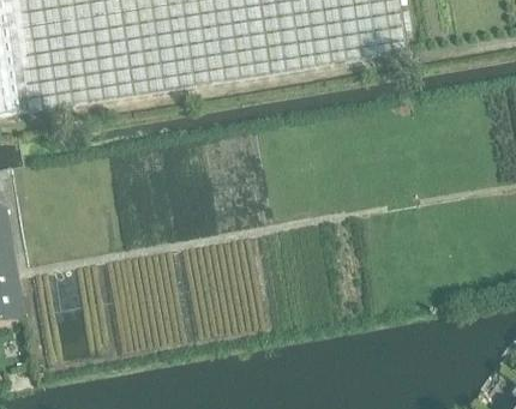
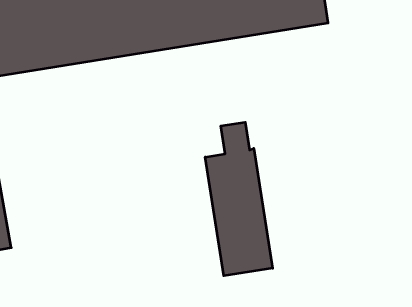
building: none -> [205,122,273,276]

